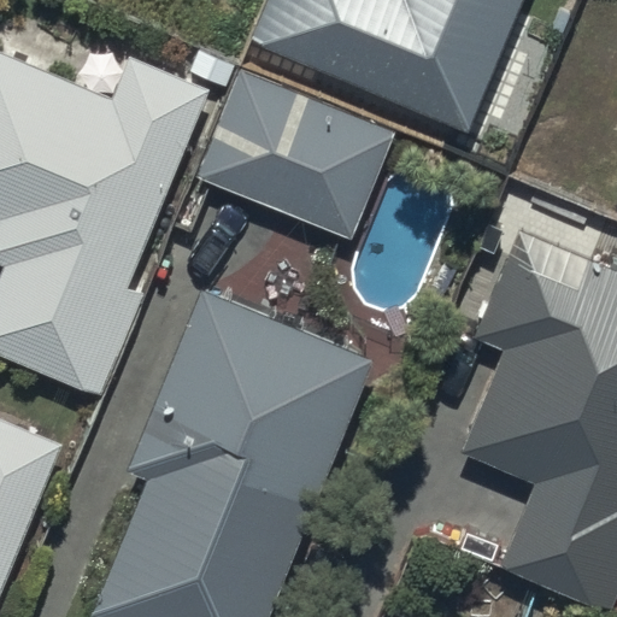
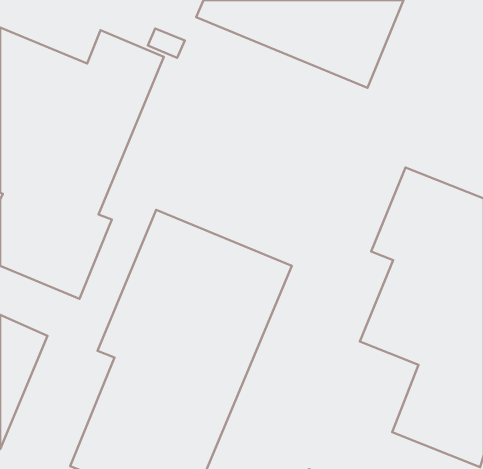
building: [195,71,394,241] -> none

